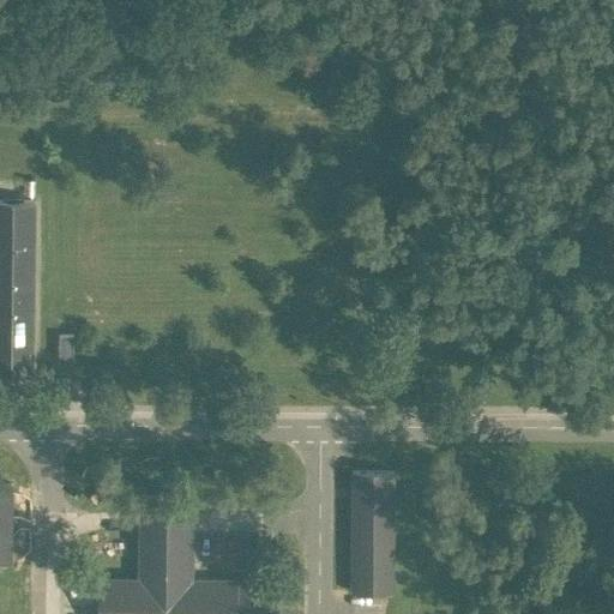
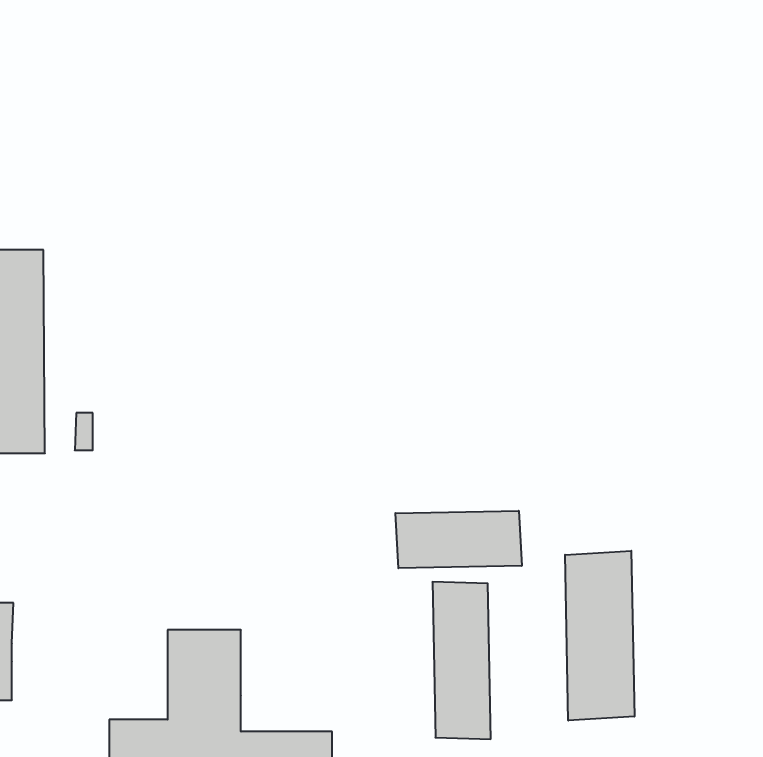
building: none -> [395,511,522,568]
building: none -> [565,551,634,721]

